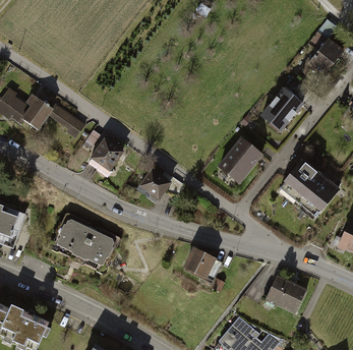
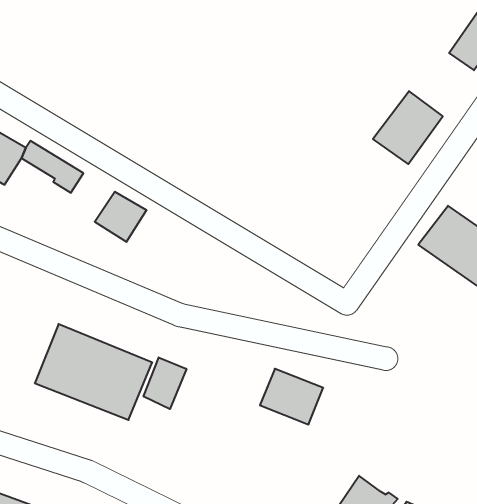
building: [218,135,262,181] -> none
building: [139,167,169,197] -> none
building: none -> [144,357,186,409]
building: [267,275,307,312] -> none

